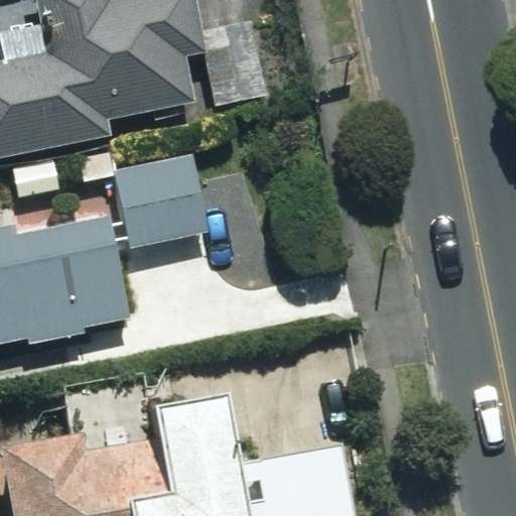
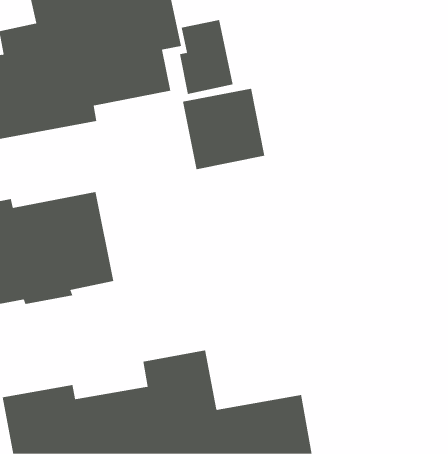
building: [112,156,206,249] -> [182,88,265,170]

